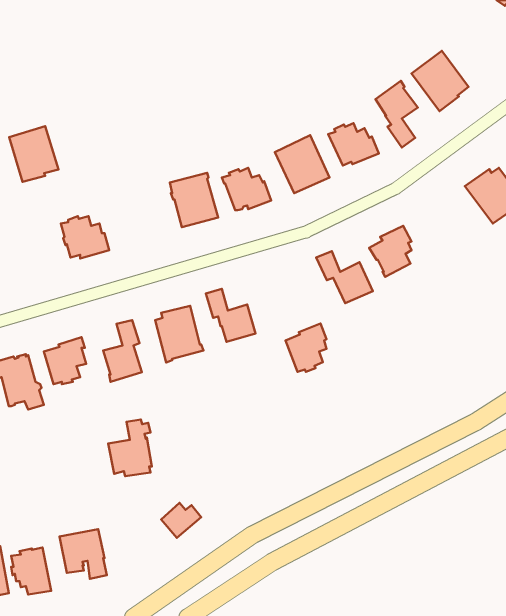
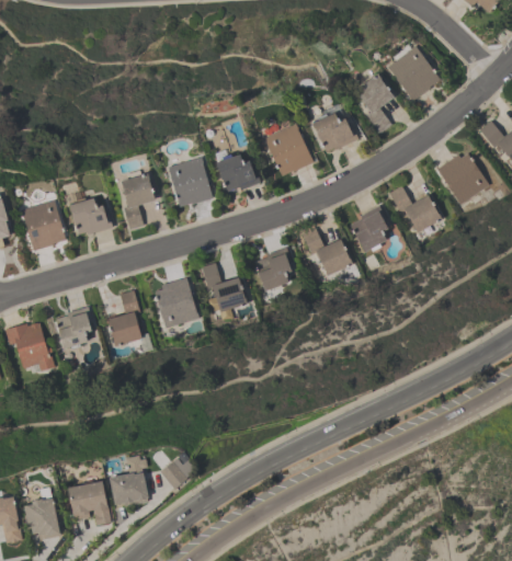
building: [9,126,59,182] -> [21,201,66,251]
building: none -> [121,172,156,230]
building: none -> [388,186,442,232]
building: [285,324,327,372] -> [253,248,291,291]
building: [108,419,152,476] -> [110,455,149,506]

